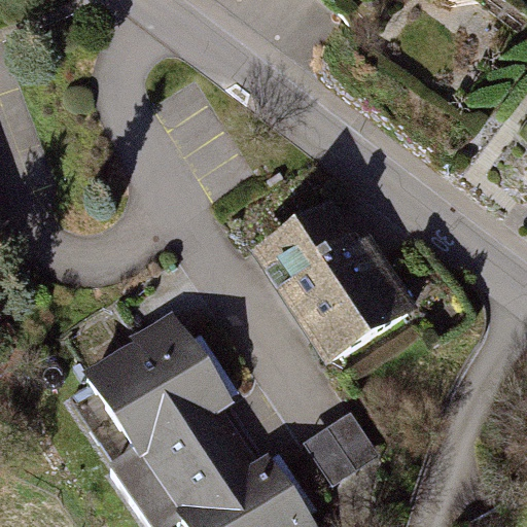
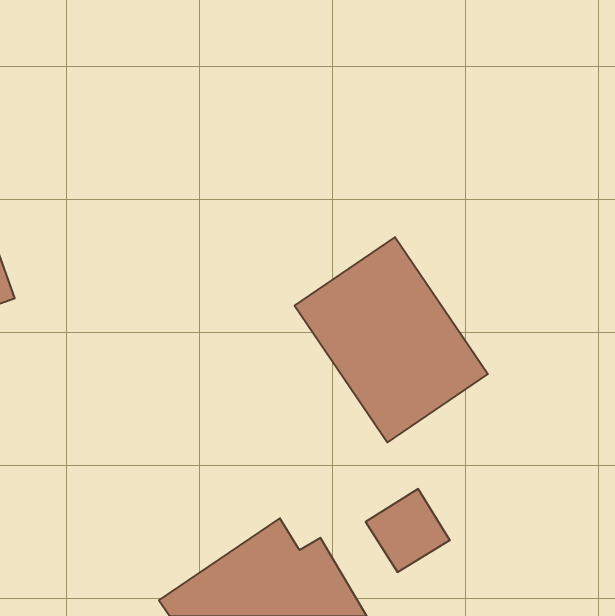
building: [90,286,236,505] -> none

